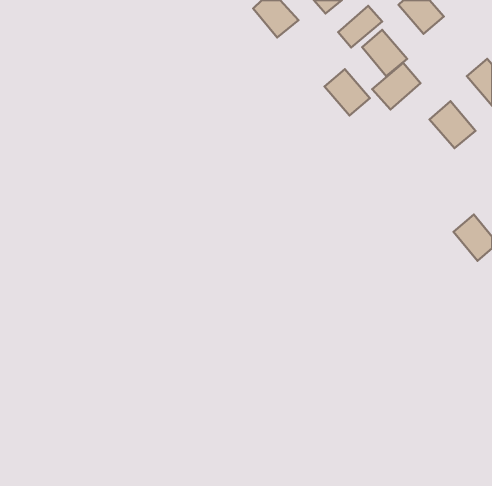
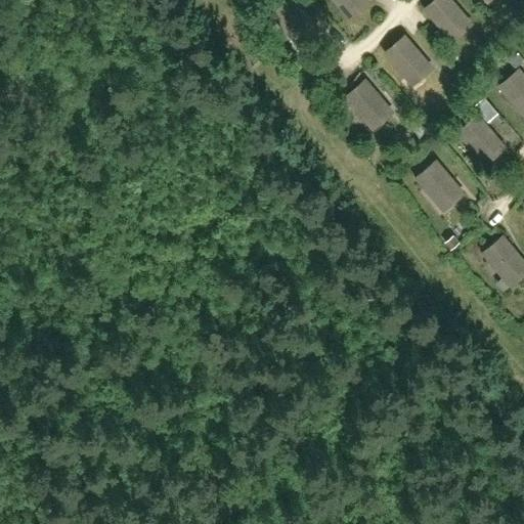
building: [338,6,382,48] -> none
building: [372,63,420,110] -> none
building: none -> [416,160,464,210]

